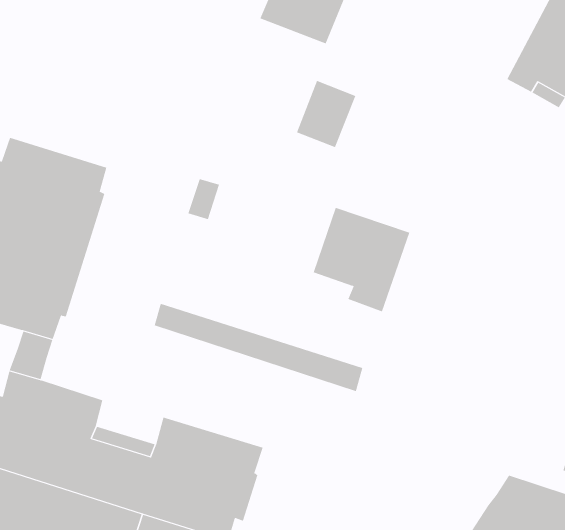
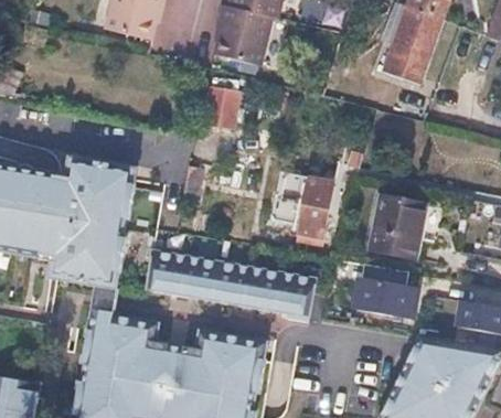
building: [296,80,356,148] -> [205,88,242,131]
building: none -> [372,194,426,256]
building: none -> [147,248,312,320]
building: none -> [355,276,424,313]

